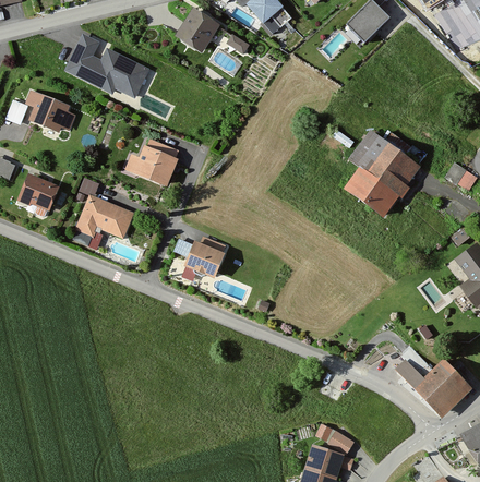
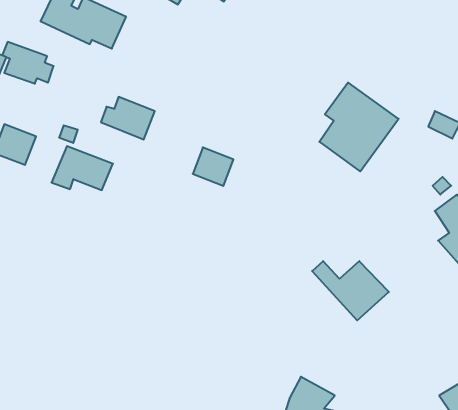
building: [181,241,221,279] -> [193,147,233,186]
building: [394,359,470,418] -> [312,261,389,320]

